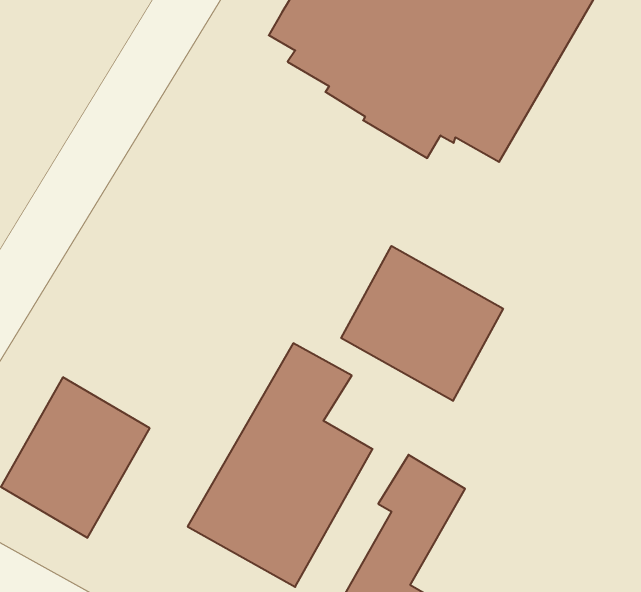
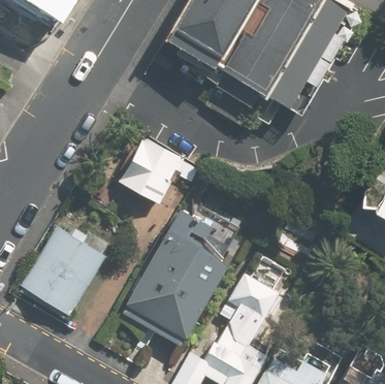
building: none -> [119,138,184,204]
building: [341,246,503,401] -> none

